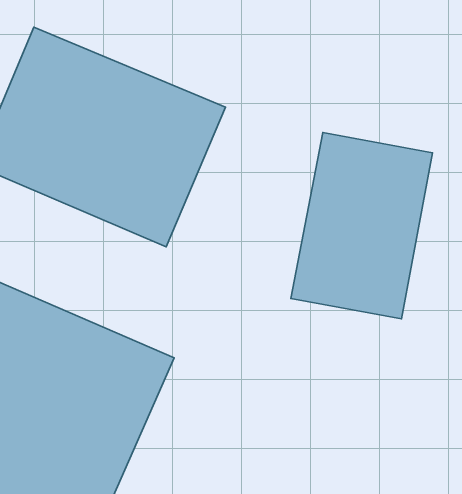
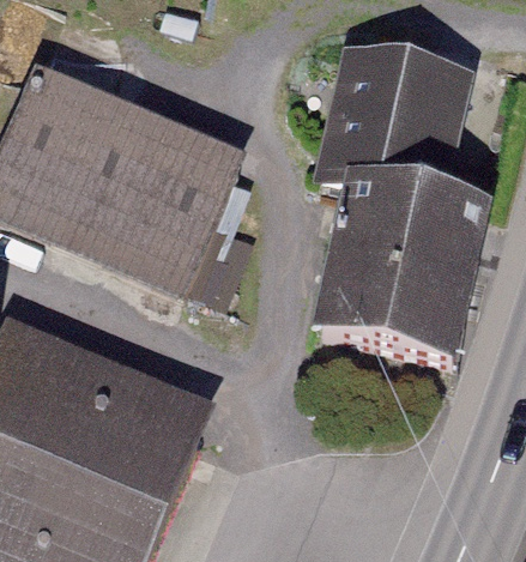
building: none -> [326,60,460,192]

